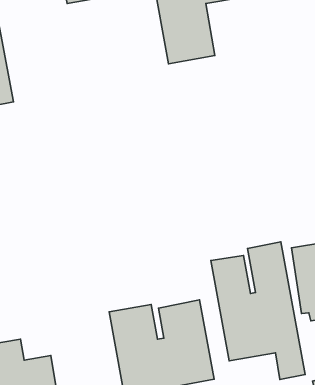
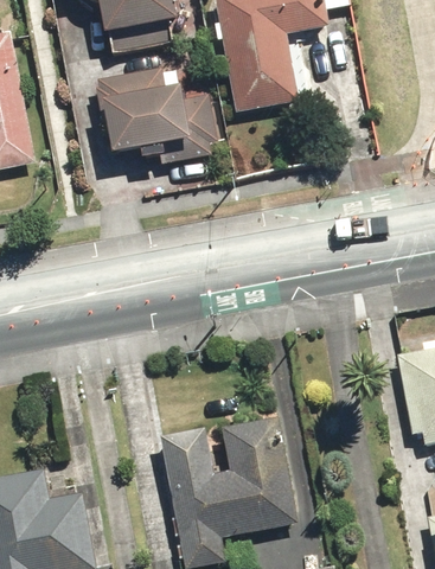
building: none -> [96,69,215,161]
building: [211,242,305,380] -> none

